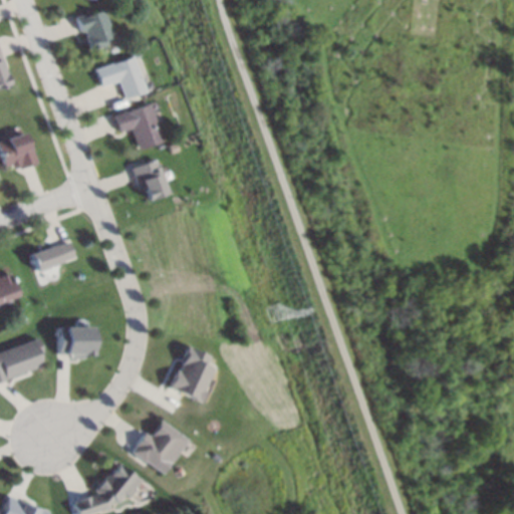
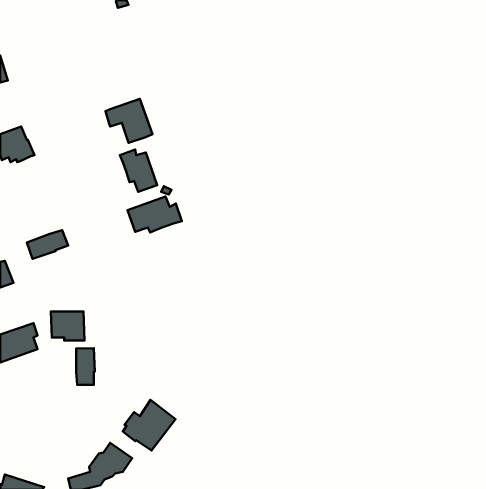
building: [78,9,116,52] -> none
building: [97,57,147,99] -> none
building: none -> [127,196,182,232]
building: [169,347,213,402] -> none
building: none -> [76,348,95,385]

